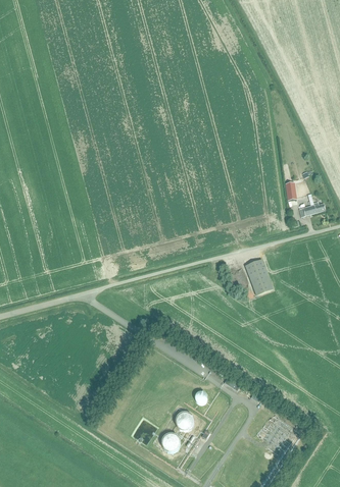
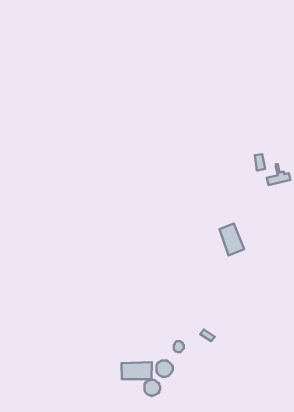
building: none -> [122,362,152,379]

